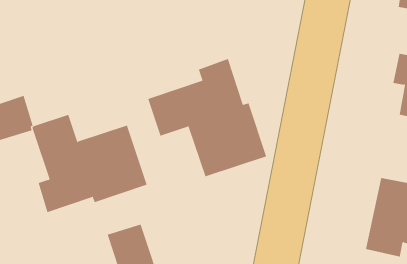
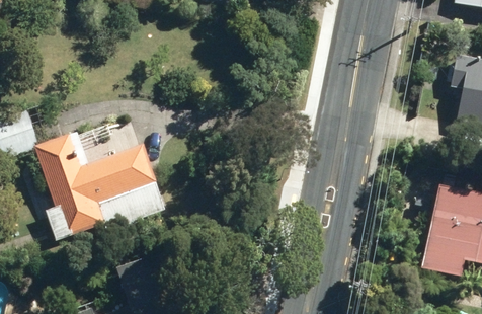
building: [148,58,267,177] -> none

